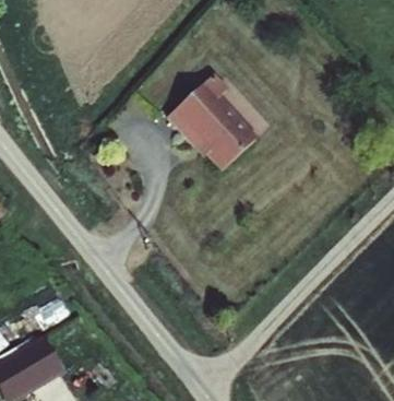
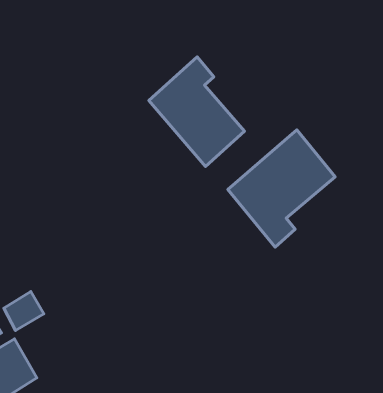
building: none -> [228,130,335,247]

